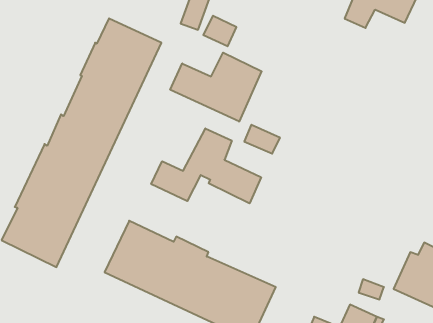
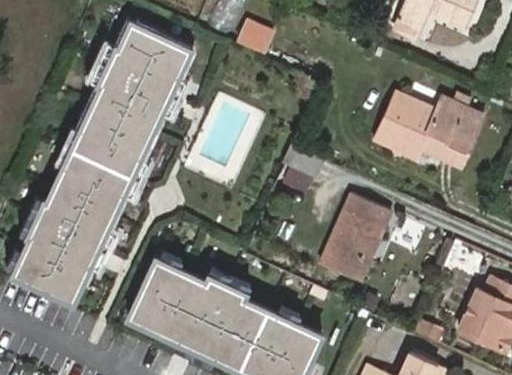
building: [170,53,262,122] -> none
building: none -> [378,95,485,168]
building: [151,128,261,203] -> none
building: none -> [327,198,398,286]

